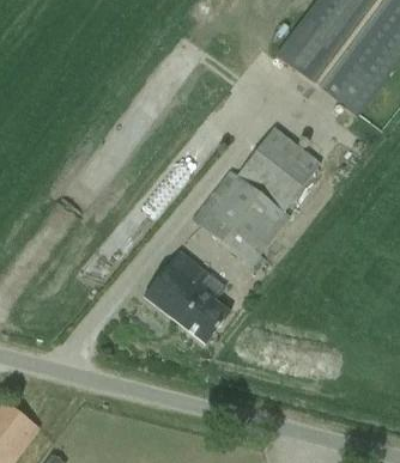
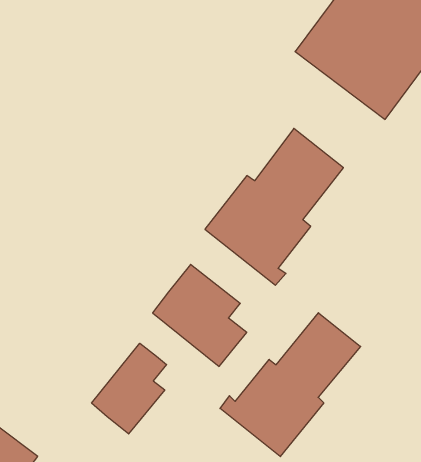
building: none -> [220,313,361,457]
building: none -> [92,343,167,434]

